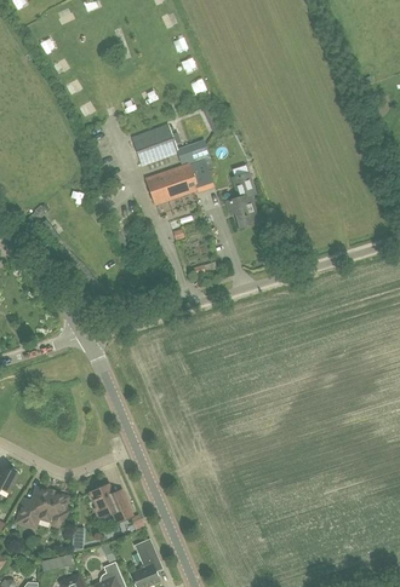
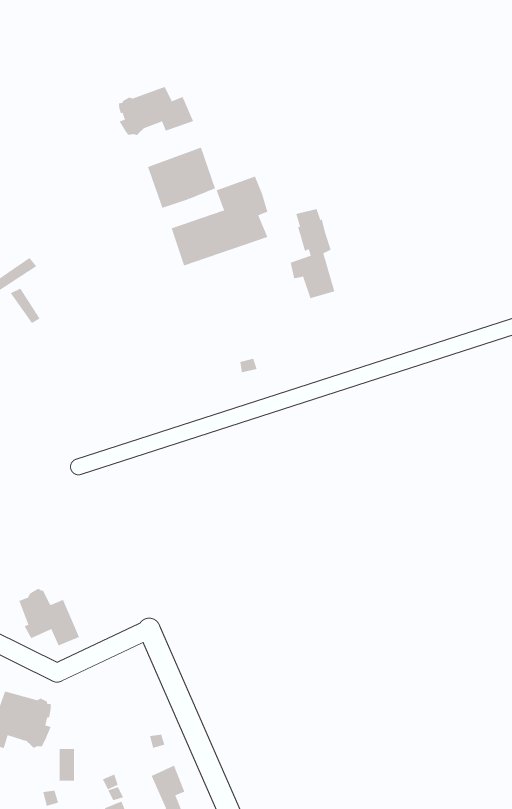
building: none -> [119,86,194,136]
building: [90,483,131,522] -> [18,588,80,646]

